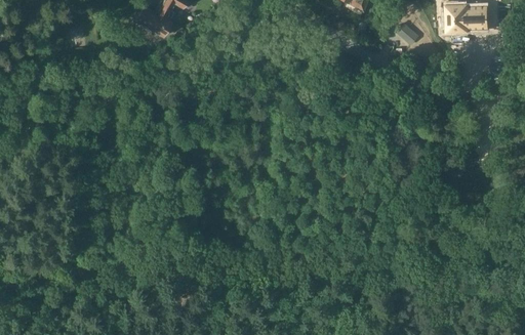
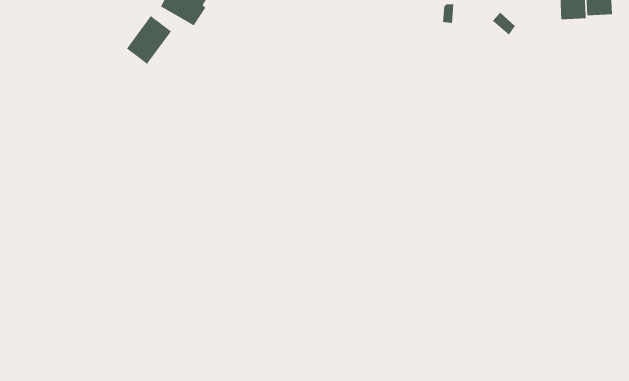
building: none -> [126,15,172,65]

